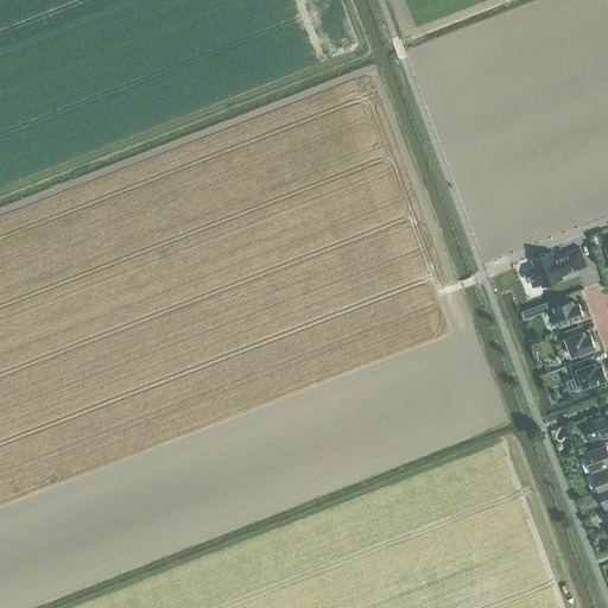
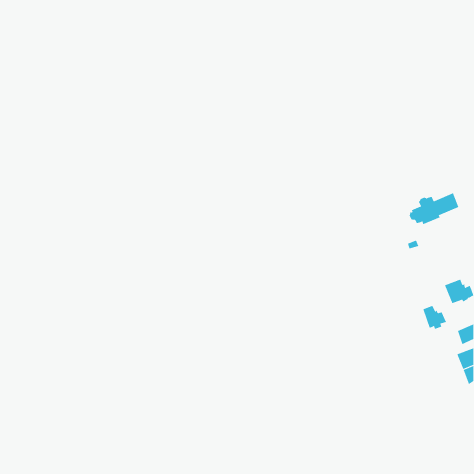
building: [545,296,583,328] -> none
building: [564,327,595,357] -> [423,305,447,329]

